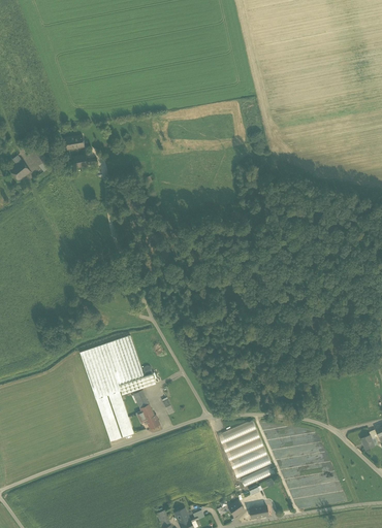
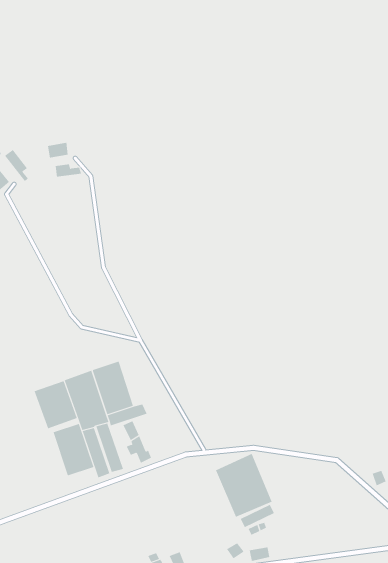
building: none -> [34,380,78,429]
building: none -> [53,423,94,476]

